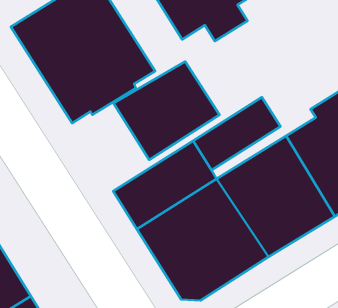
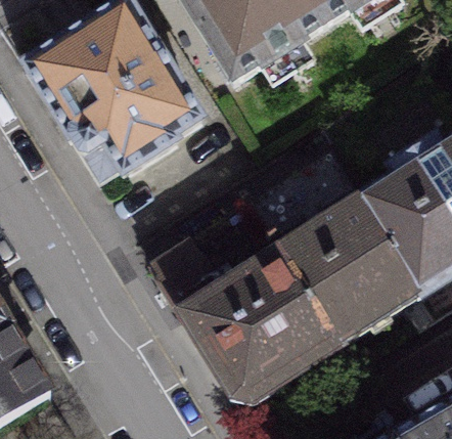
building: [113,61,219,160] -> none

